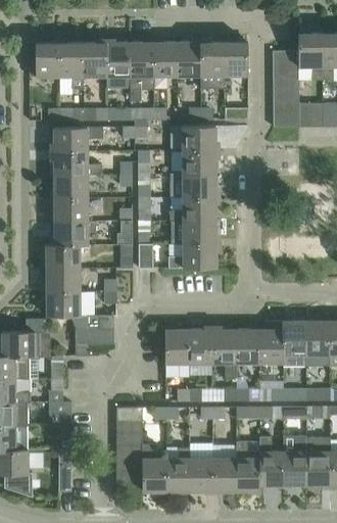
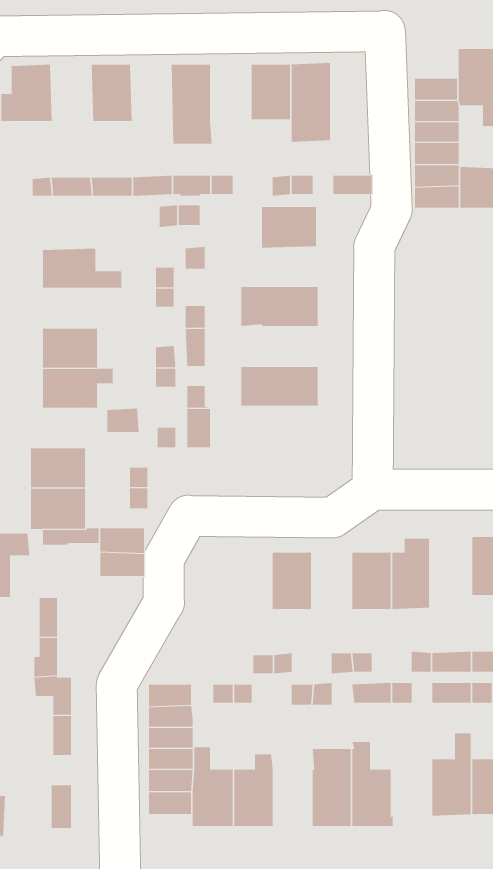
building: [224,42,248,76] -> none
building: [59,43,84,89] -> none
building: [106,43,131,90] -> none
building: [153,43,177,77] -> none
building: [54,128,103,152] -> none
building: [183,150,216,174] -> none
building: [54,175,87,198] -> none
building: [171,197,216,221] -> none
building: [168,244,216,269] -> none
building: [47,245,80,269] -> none
building: [282,321,306,366] -> none
building: [165,330,189,364] -> none
building: [212,330,236,378] -> none
building: [259,436,283,485] -> none
building: [190,458,212,491] -> none

